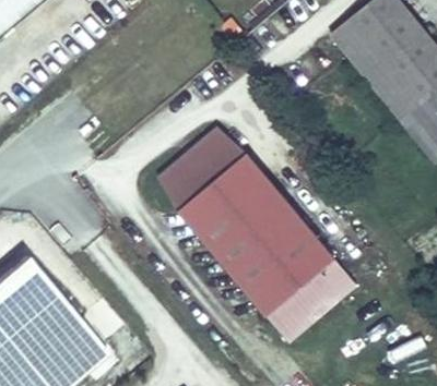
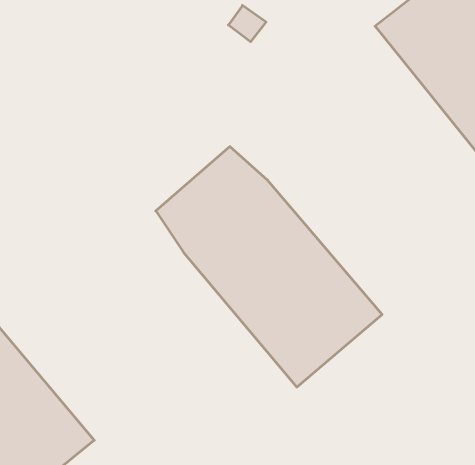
building: [267,257,356,340] -> none

